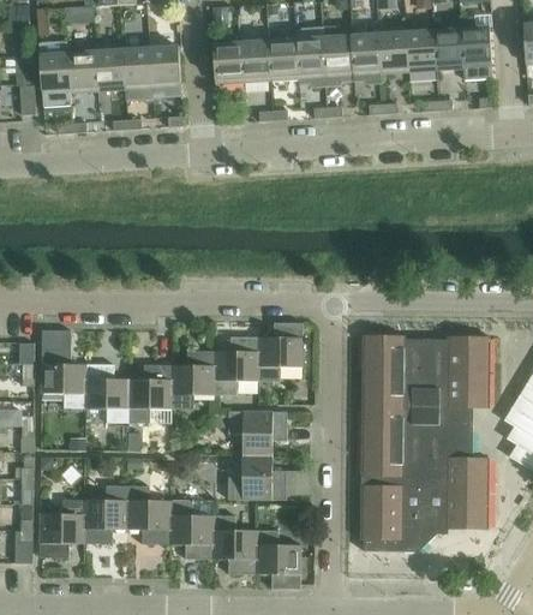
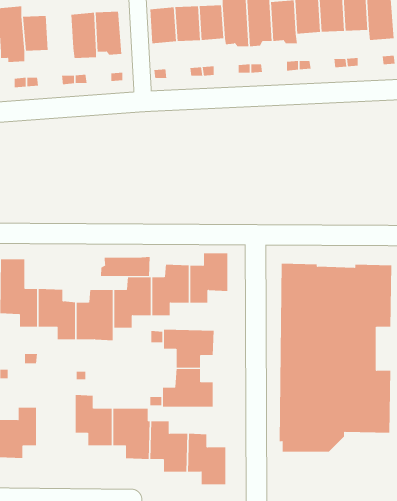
building: [95,49,125,90] -> none
building: none -> [100,256,150,277]
building: [84,484,127,543] -> none

